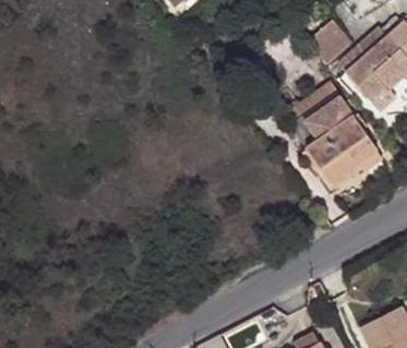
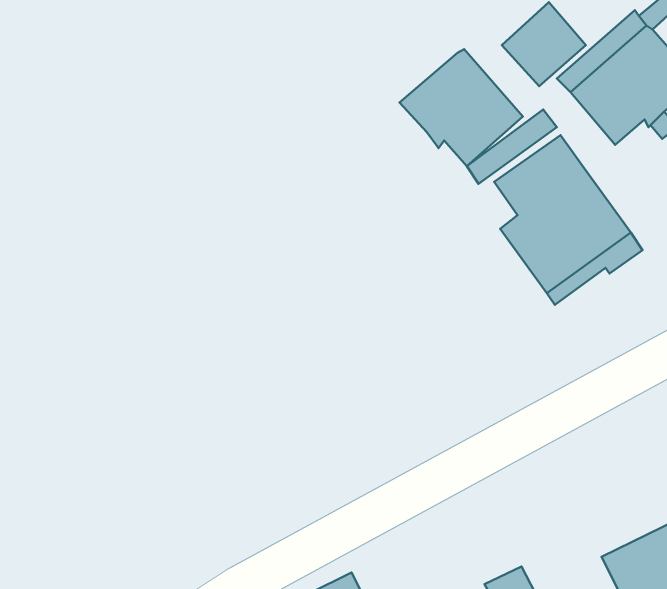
building: none -> [400,49,523,166]

